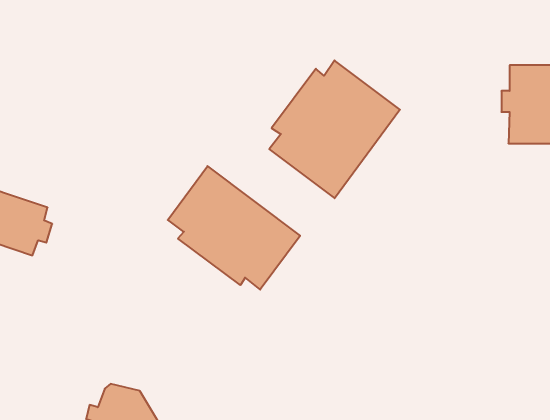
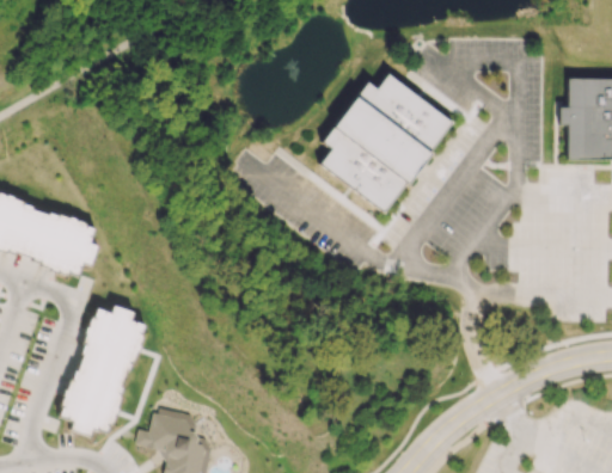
building: [168,166,300,290] -> none
building: none -> [60,302,145,435]

